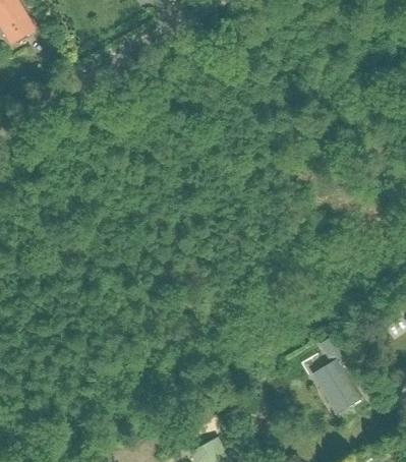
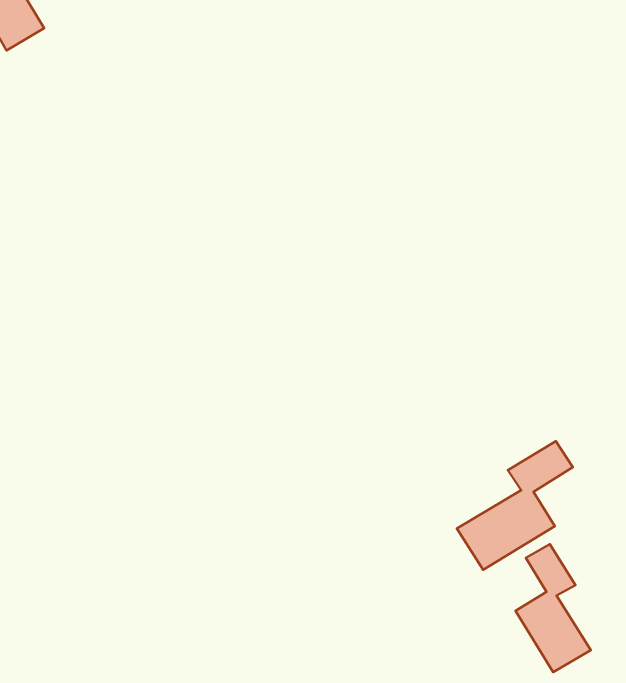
building: none -> [457,441,573,570]

